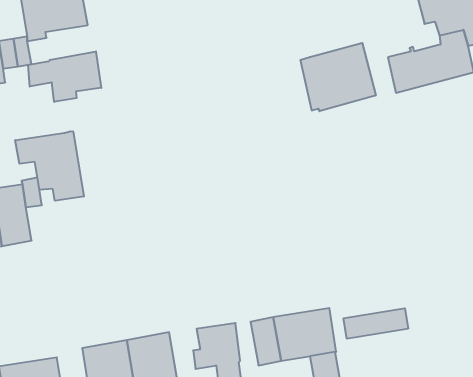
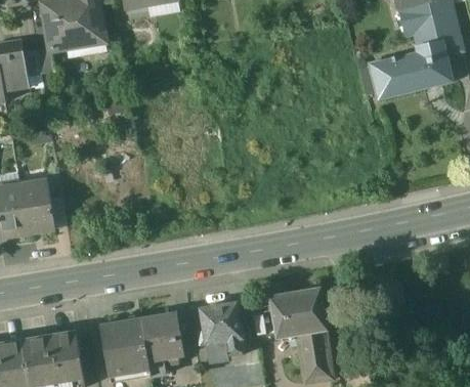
building: [300,43,376,111] -> none
building: [28,51,101,102] -> none
building: [15,131,84,201] -> none
building: [344,308,408,339] -> none

